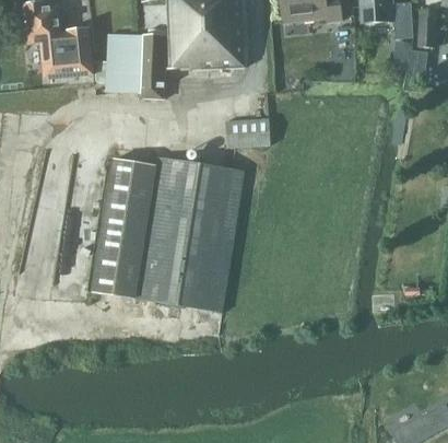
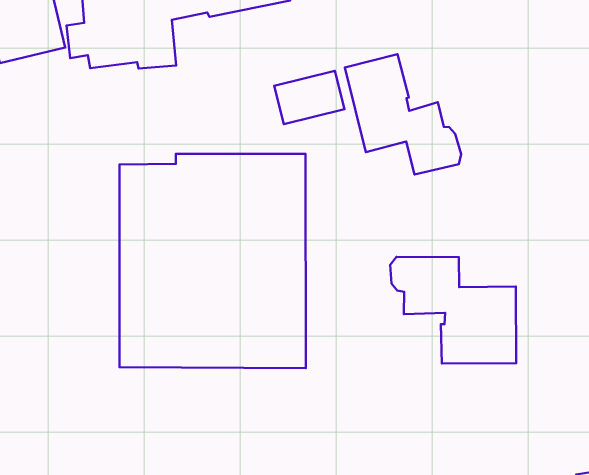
building: none -> [345,54,461,174]
building: none -> [390,257,516,364]

